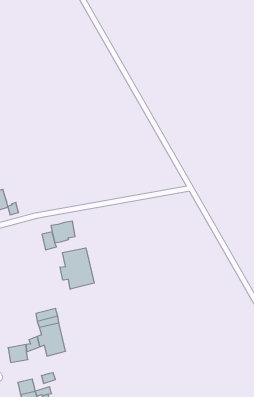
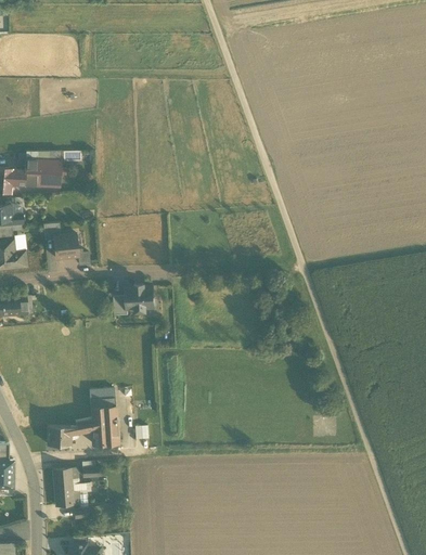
building: [60,248,94,289] -> none

